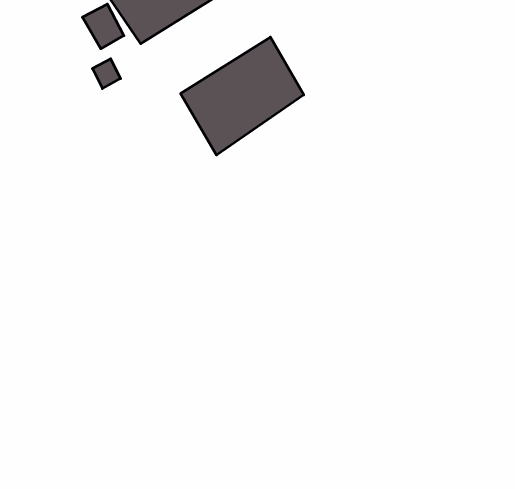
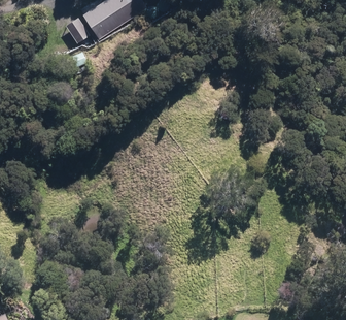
building: [181,37,304,155] -> none

